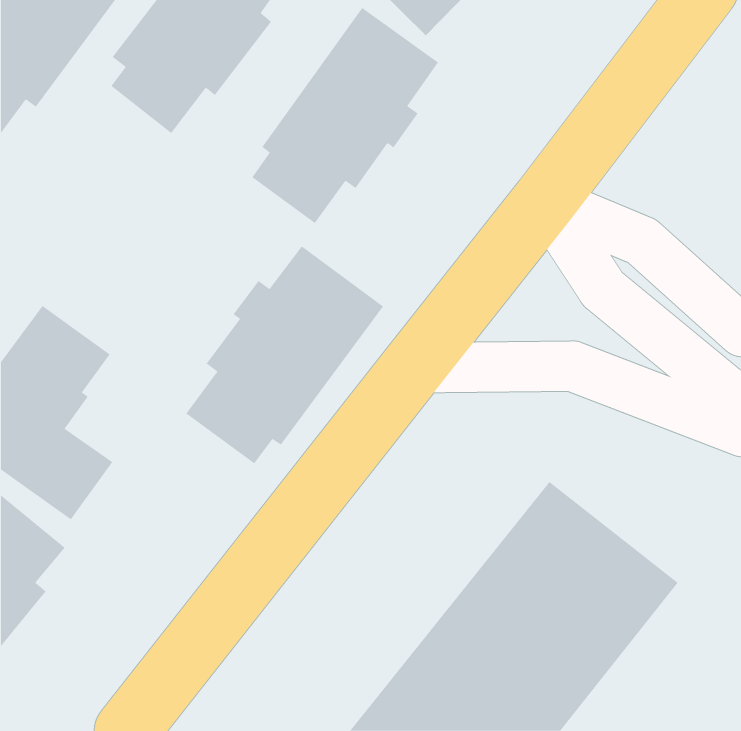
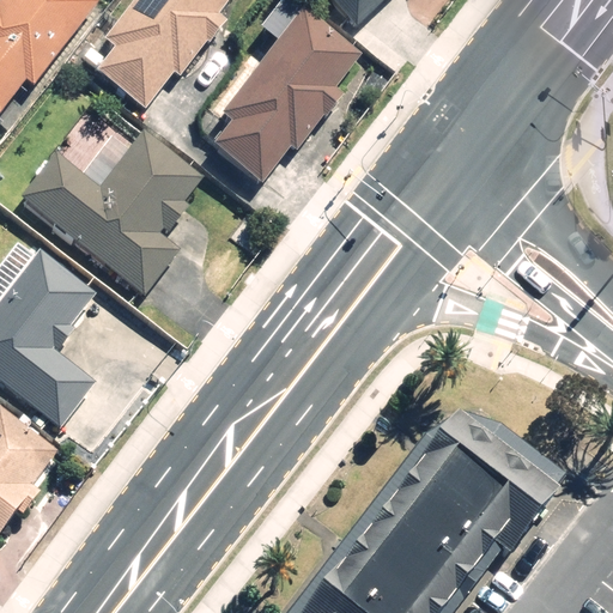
building: none -> [16,110,202,296]
building: [185,246,384,464] -> none

